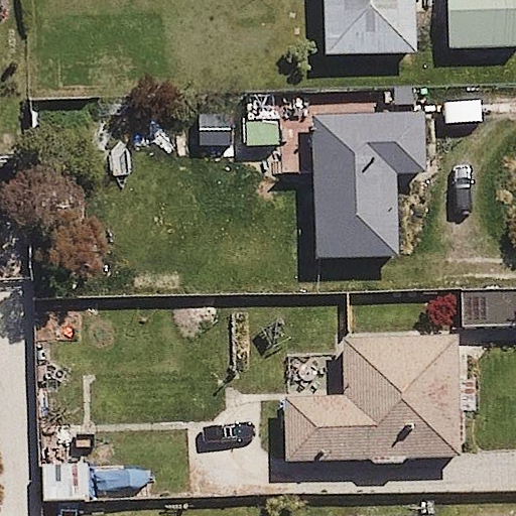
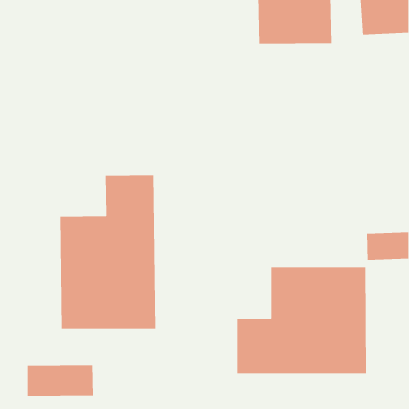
building: [311,79,429,259] -> none
building: none -> [60,175,156,329]

